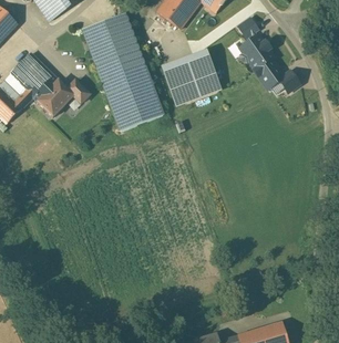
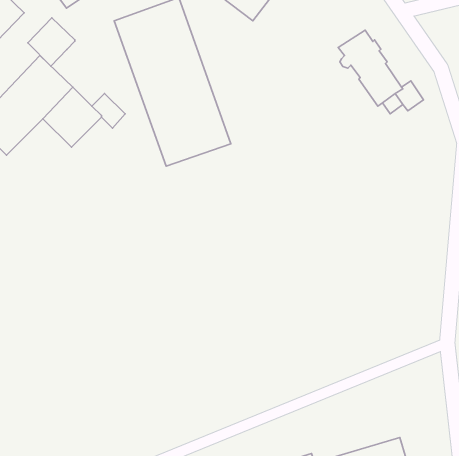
building: none -> [28,18,75,66]
building: [163,51,219,104] -> none

